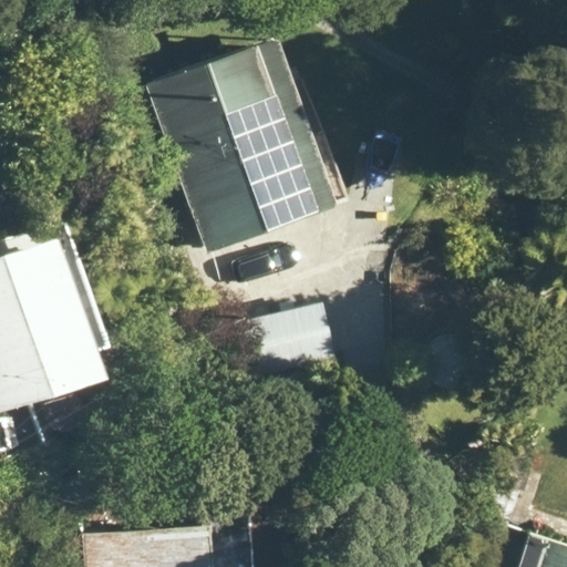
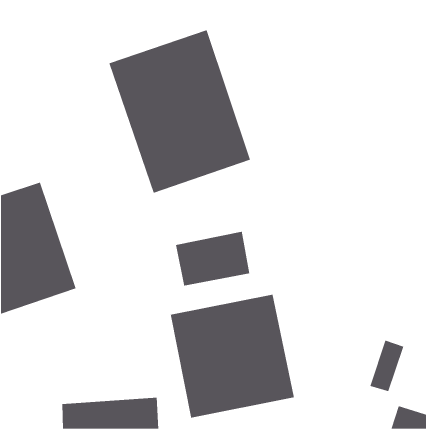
building: none -> [170,294,294,418]

